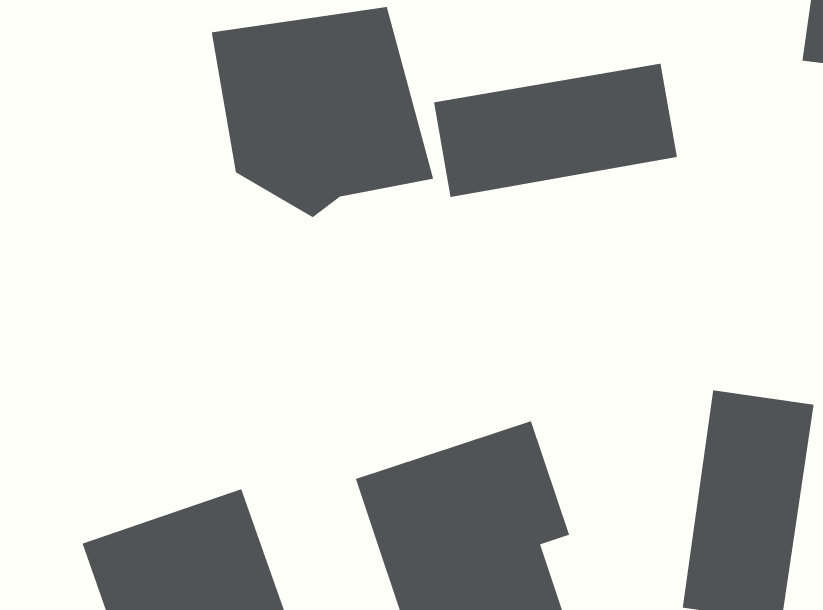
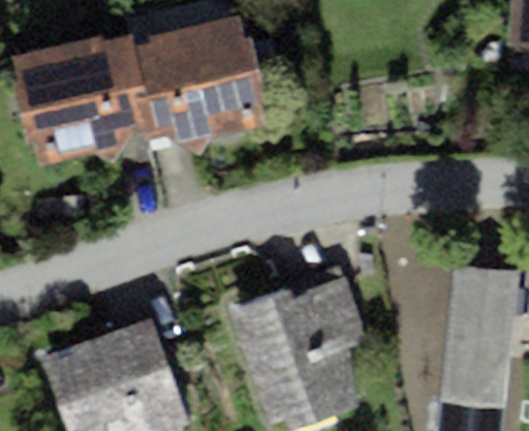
building: none -> [19,32,151,171]
building: [433,63,678,198] -> none

